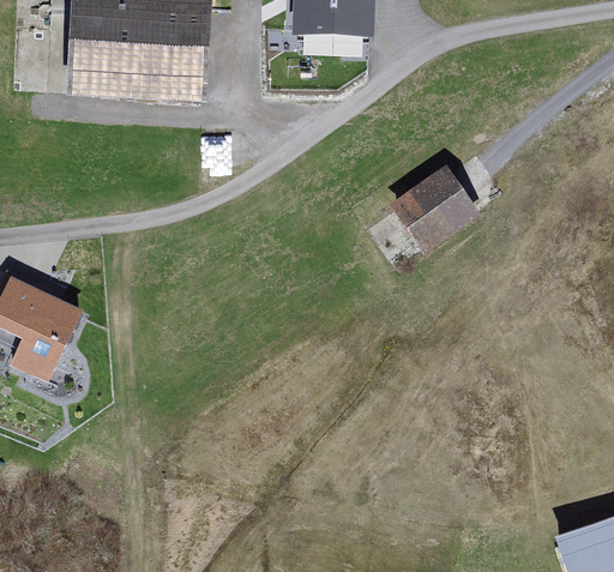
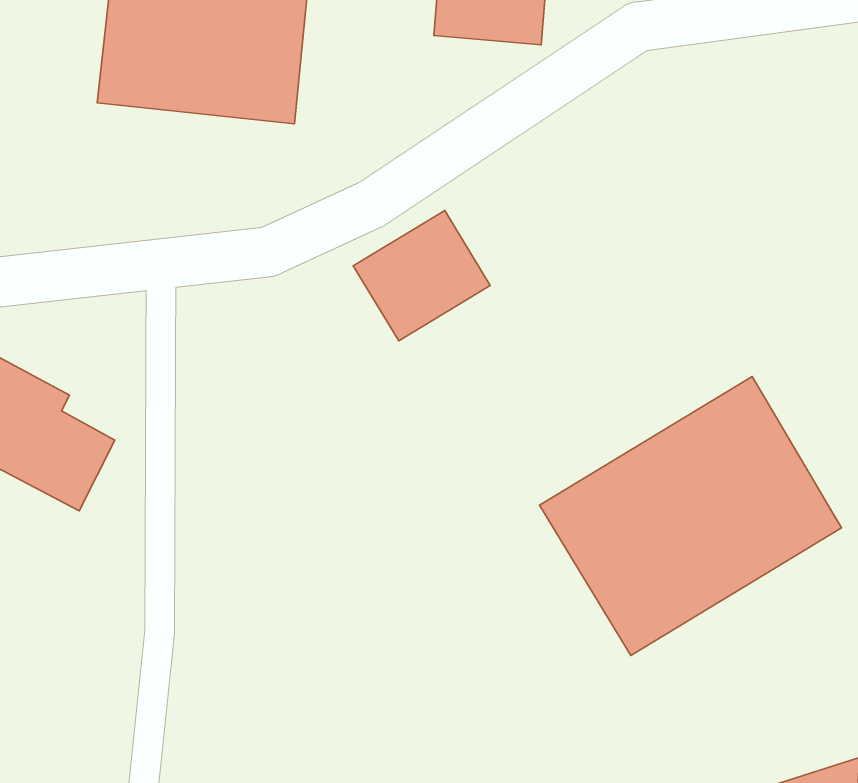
building: [385,161,478,251] -> [353,211,490,341]
building: none -> [540,377,842,655]

